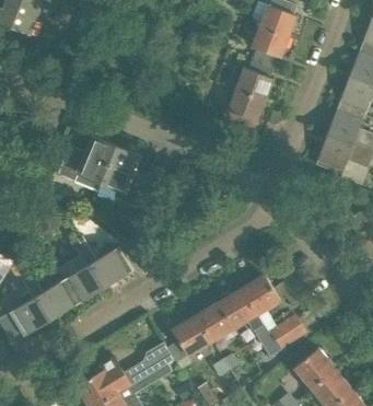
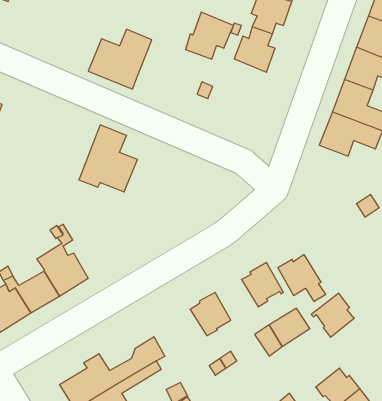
building: [222,88,266,130] -> [186,12,233,59]
building: [56,138,114,193] -> [88,29,152,89]
building: [80,244,131,288] -> none
building: [219,289,263,332] -> [278,255,326,301]
building: [173,316,211,353] -> none
building: [293,347,333,387] -> [311,293,354,337]

